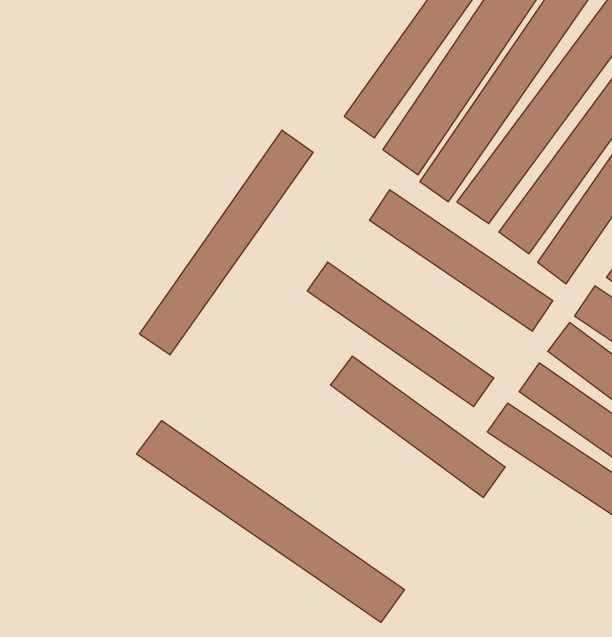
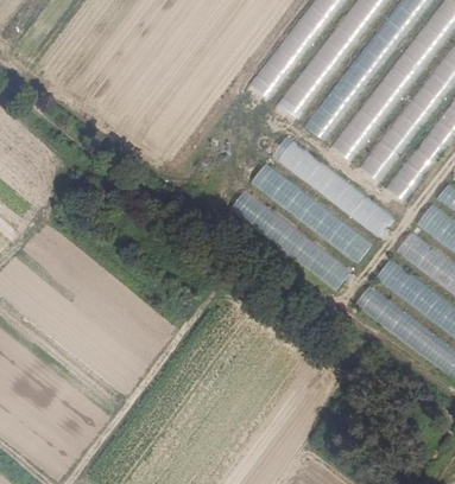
building: [140,130,313,355] -> none
building: [330,356,505,497] -> [249,163,373,262]
building: [137,421,404,622] -> none

